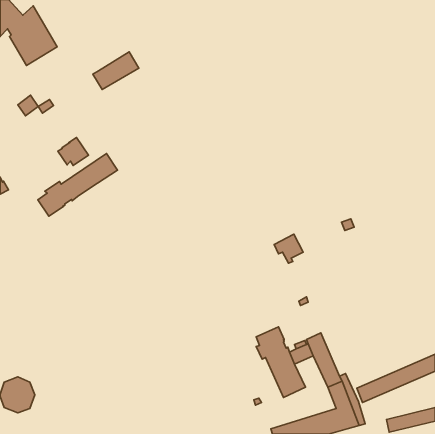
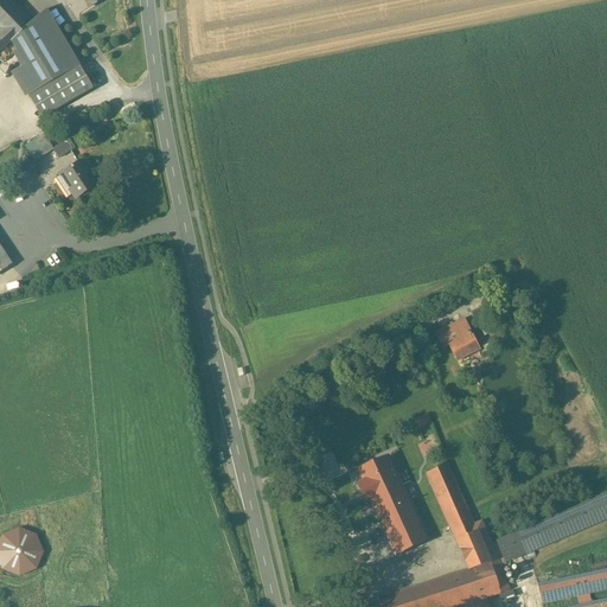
building: [93,52,139,89] -> [28,65,92,117]
building: [58,137,88,166] -> [55,160,97,199]
building: [38,153,118,216] -> none
building: [274,234,303,263] -> [436,319,477,359]

